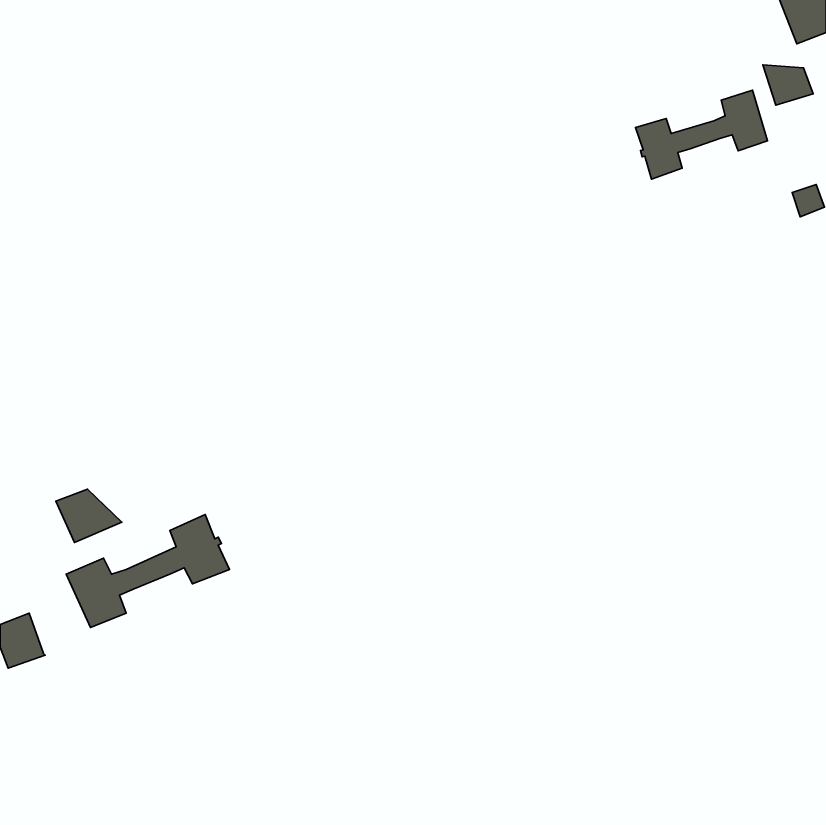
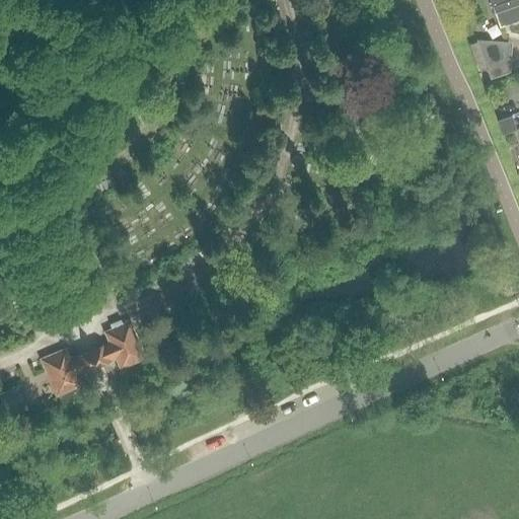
building: [636,90,768,179] -> none
building: [56,489,122,543] -> none

